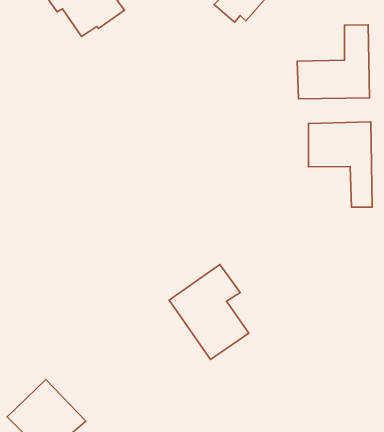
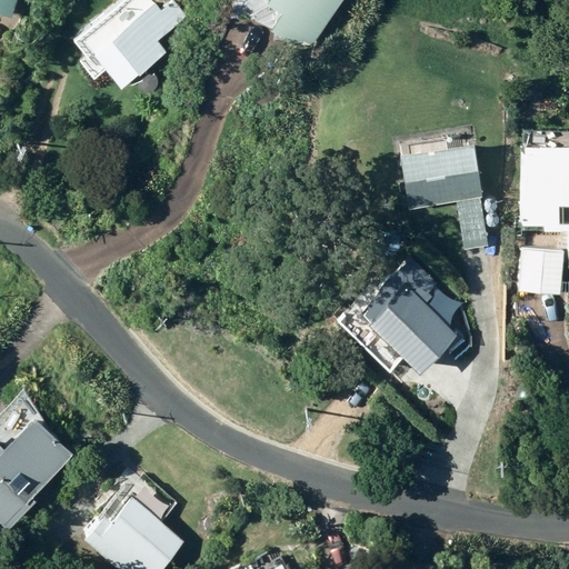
building: [297,25,369,99] -> none
building: [169,264,249,359] -> [353,249,452,362]

